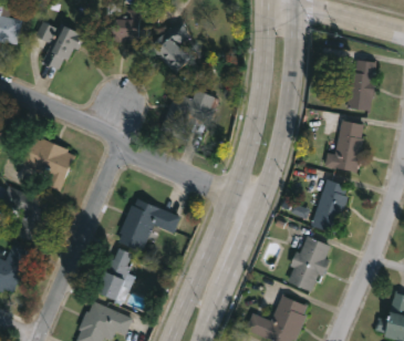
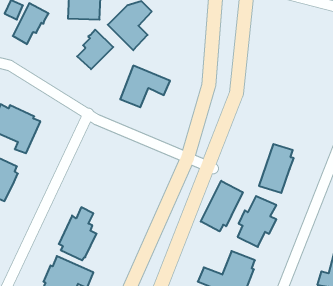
building: none -> [77,30,113,69]
building: [345,60,377,109] -> none
building: [325,120,364,171] -> none
building: [116,198,180,251] -> none
building: none -> [201,181,243,231]

